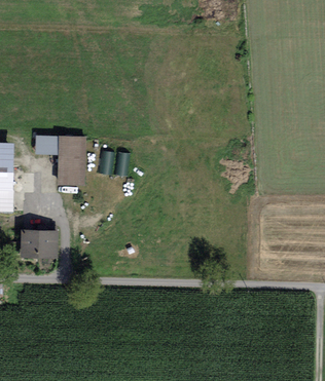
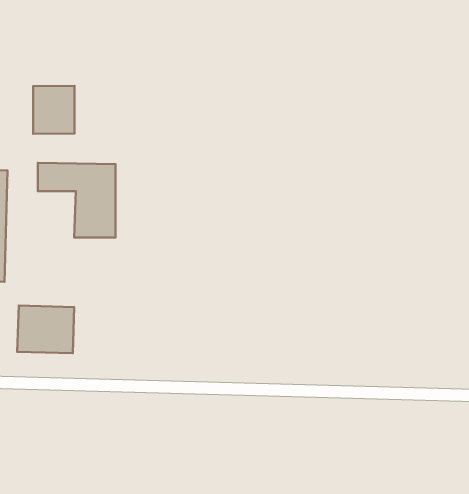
building: none -> [33,86,74,134]
building: [102,149,132,174] -> none

